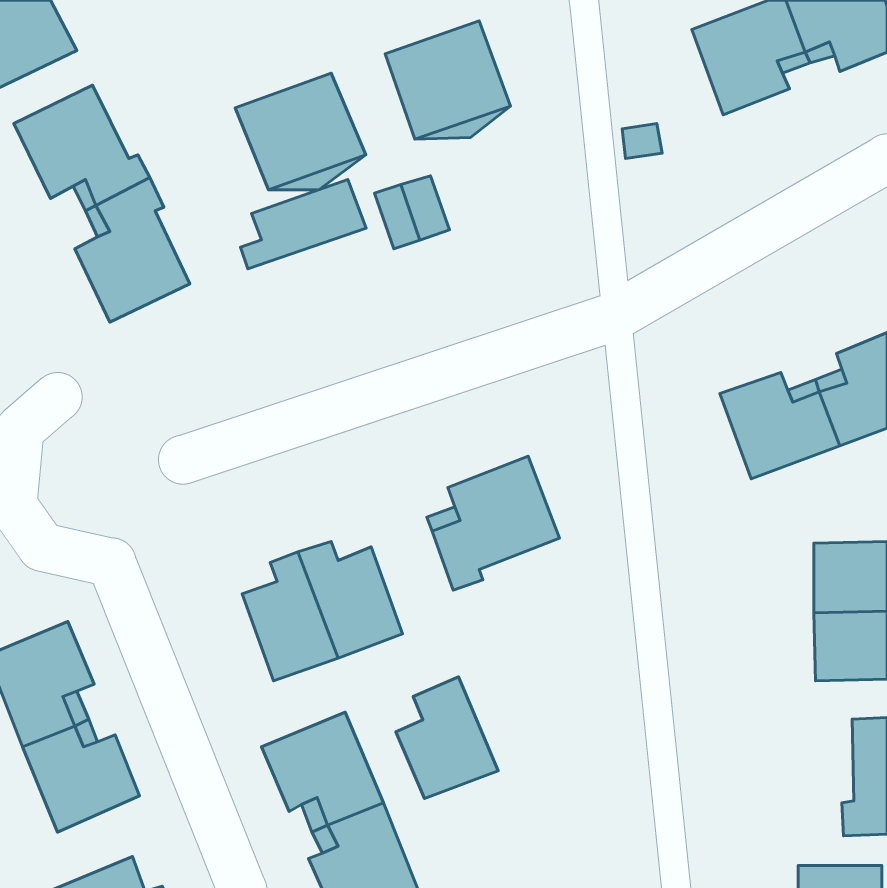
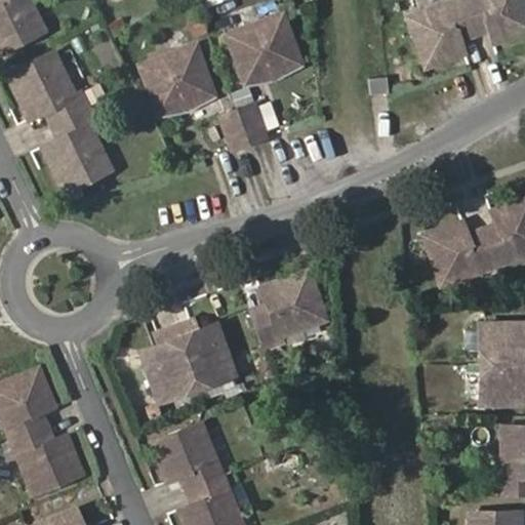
building: [240,180,366,269] -> none
building: [396,677,498,799] -> none

